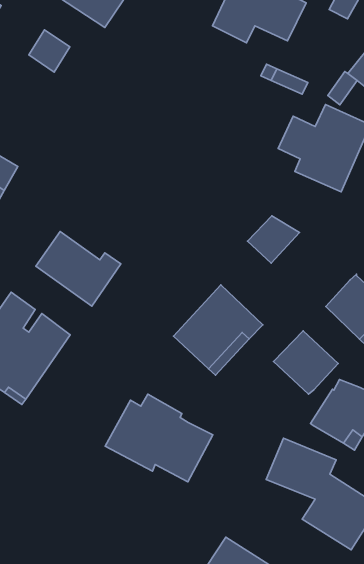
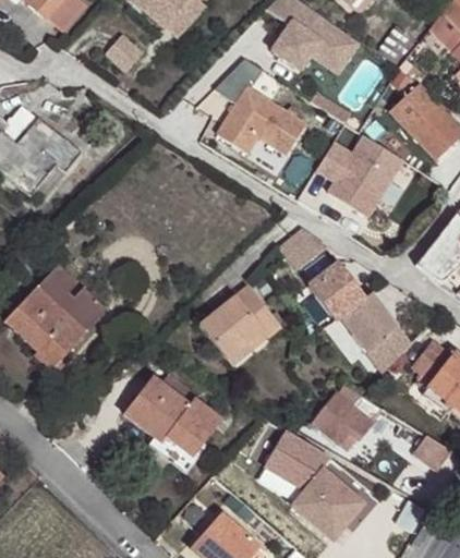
building: none -> [213,60,305,154]
building: [36,232,121,306] -> none
building: [274,331,338,394] -> [307,263,365,320]

